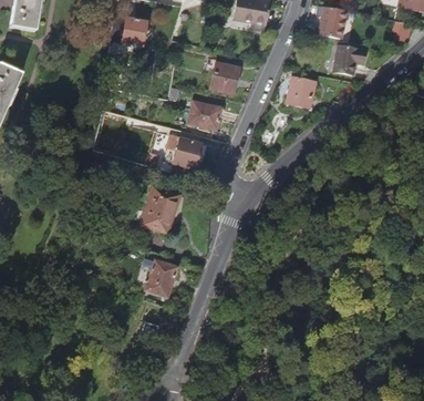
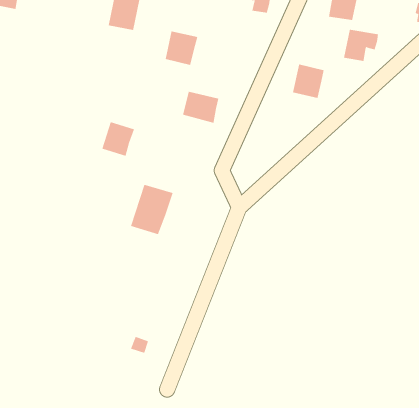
building: [210,62,240,93] -> [165,31,198,65]
building: [173,137,203,168] -> [101,122,135,156]
building: [145,259,178,297] -> none

